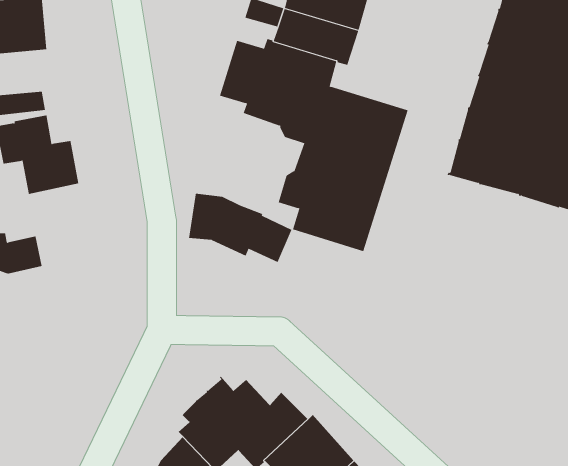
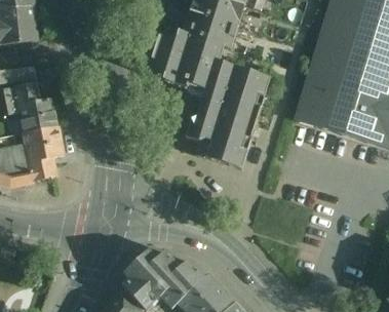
building: none -> [25,125,64,179]
building: [189,193,292,263] -> none

